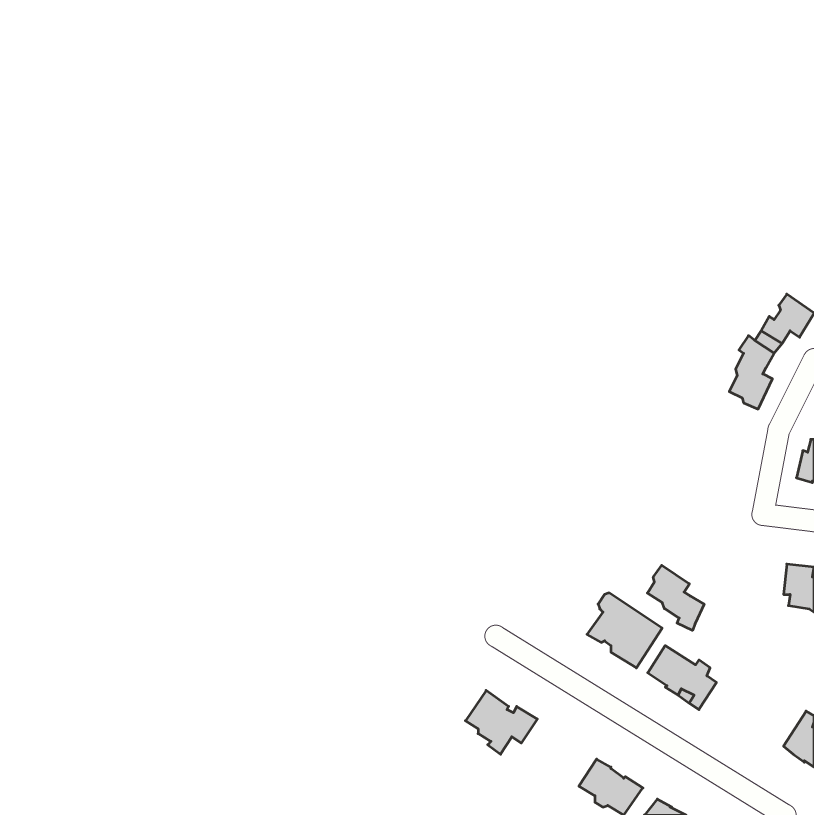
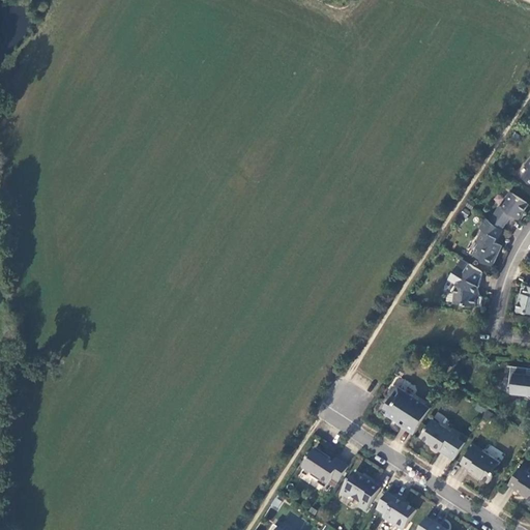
building: none -> [447,263,481,305]
building: [647,565,704,630] -> none
building: none -> [460,443,499,481]
building: none -> [340,472,380,510]

